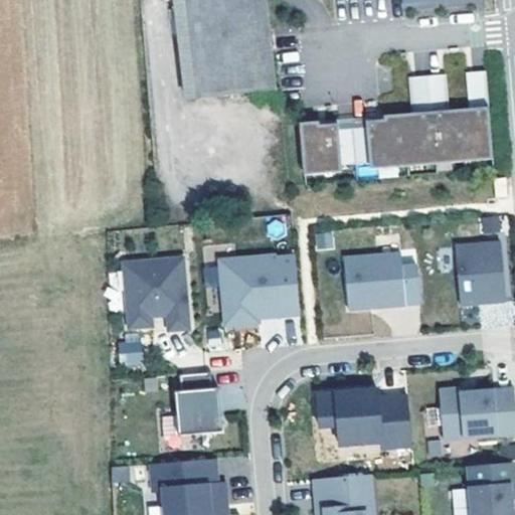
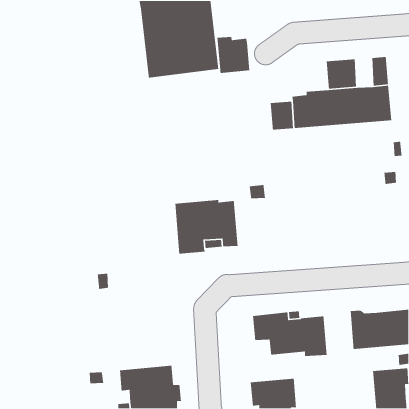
building: [300,121,342,168] -> [216,36,250,74]
building: [456,242,506,306] -> none
building: [344,253,405,310] -> none
building: [119,259,185,331] -> none
building: [170,372,218,437] -> none

